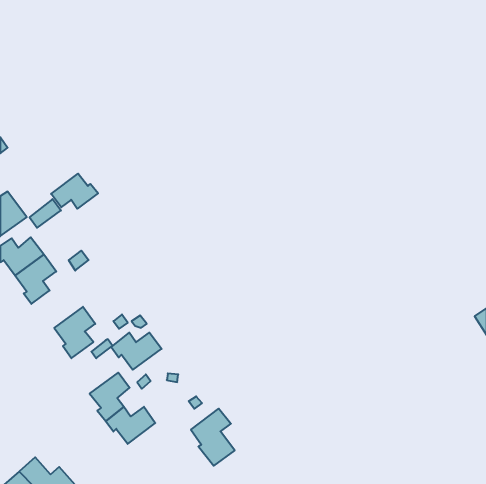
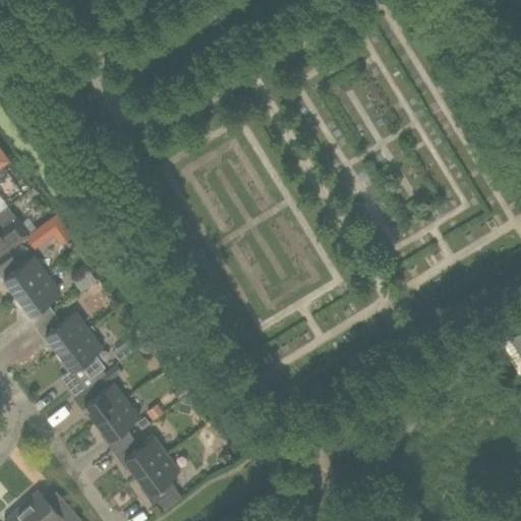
building: [51,174,98,209] -> none
building: none -> [35,312,90,353]
building: [111,333,162,370] -> [73,384,127,423]
building: [191,409,235,466] -> [137,455,184,516]

